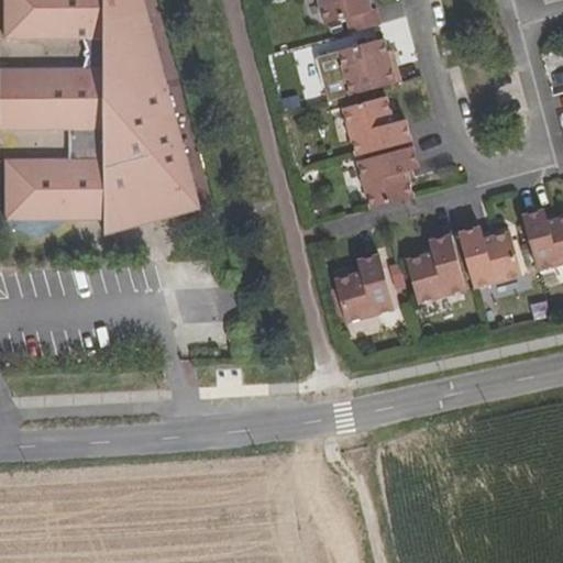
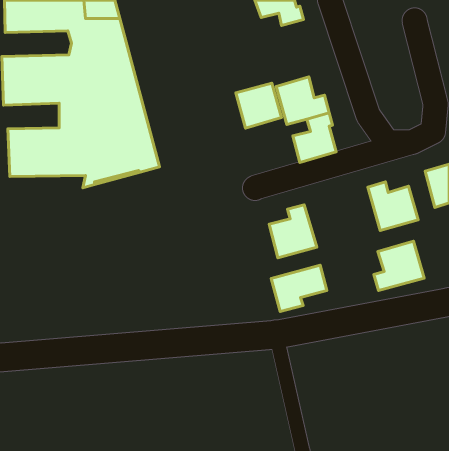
building: [338,38,395,95] -> [236,83,282,128]
building: [396,239,451,295] -> none
building: none -> [374,241,424,291]
building: none -> [271,265,327,311]

